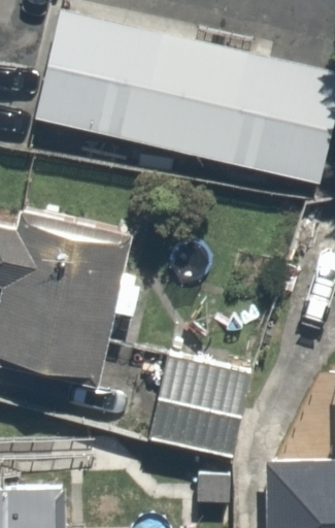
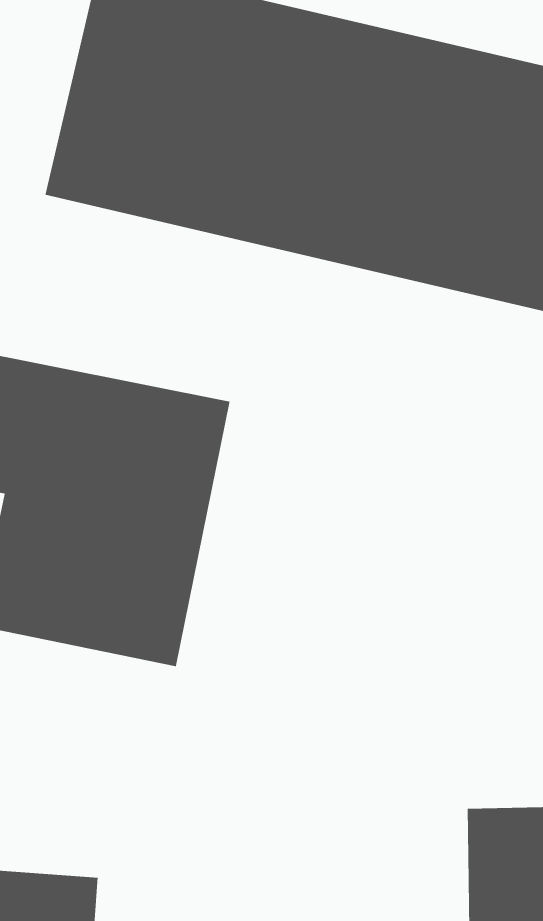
building: [146,341,268,467] -> none

